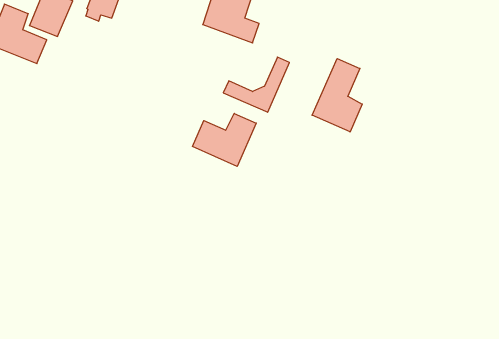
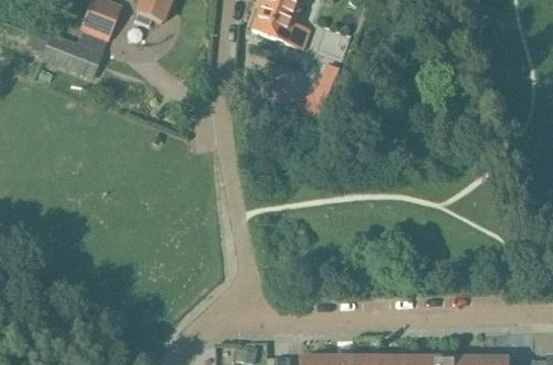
building: [312,59,362,132] -> none
building: [193,113,256,166] -> none

